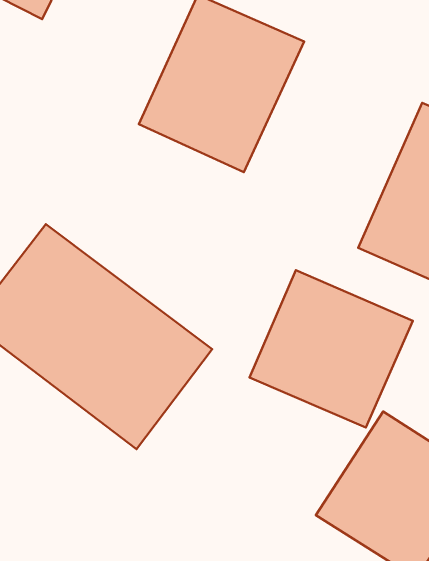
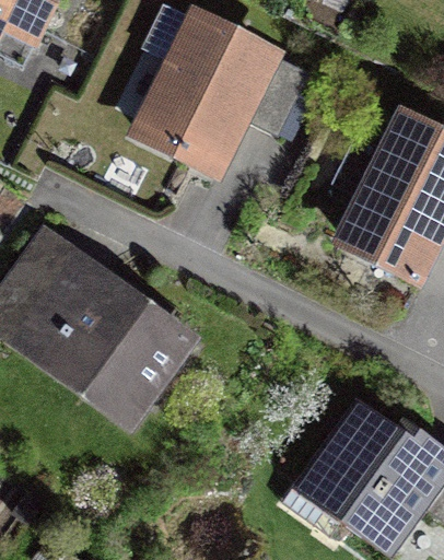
building: [250,270,413,427] -> none

